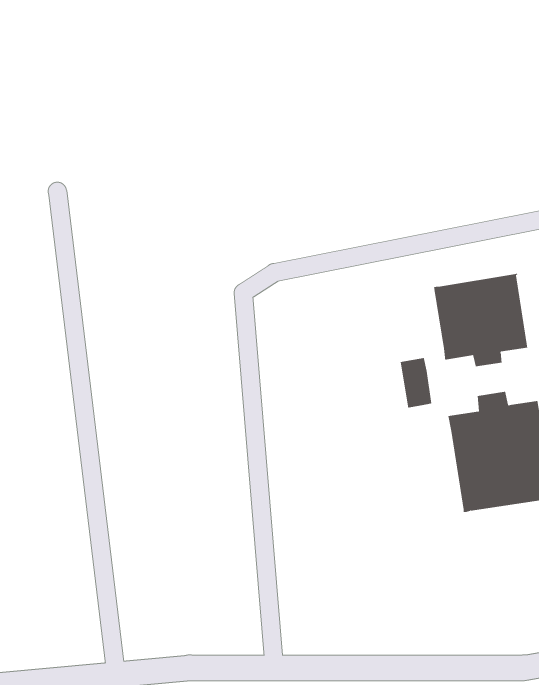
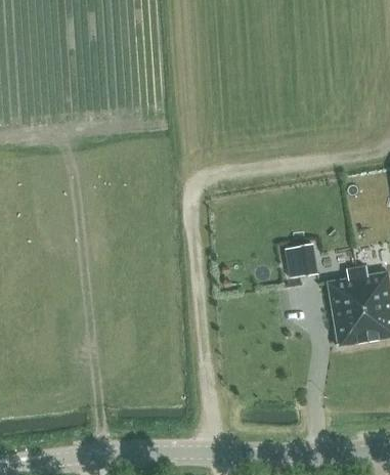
building: [433,273,528,367] -> none

